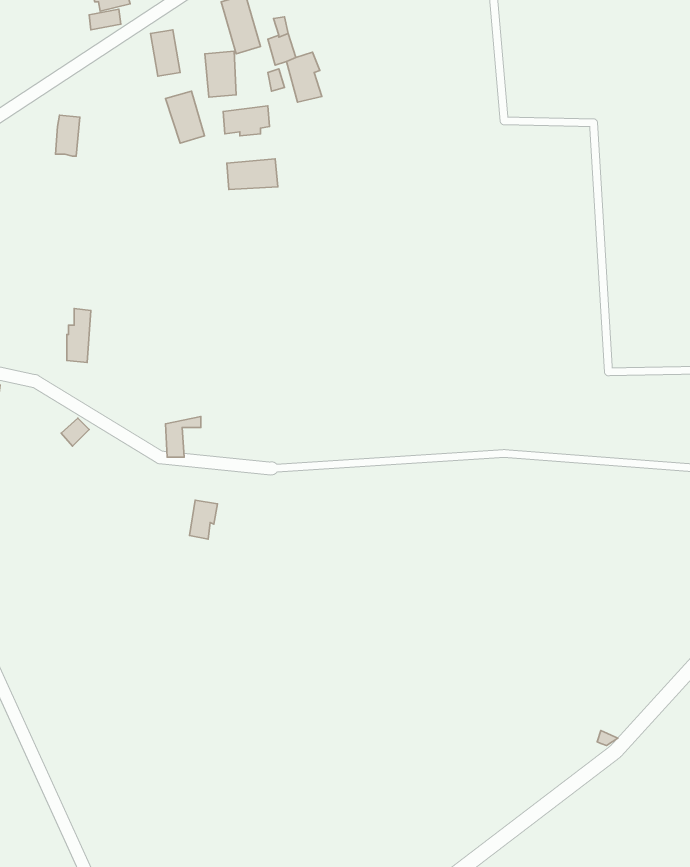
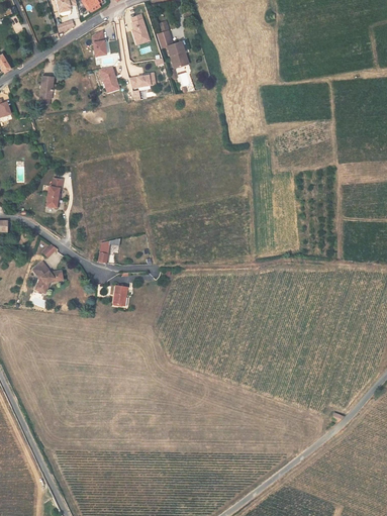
building: [205,51,236,97] -> none
building: [227,159,278,189] -> none
building: none -> [30,261,59,291]

